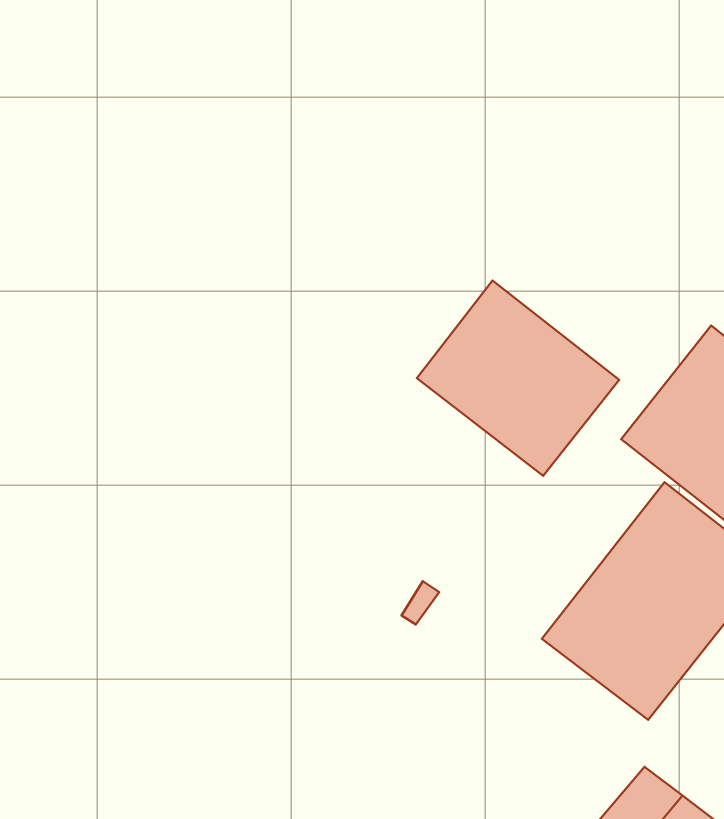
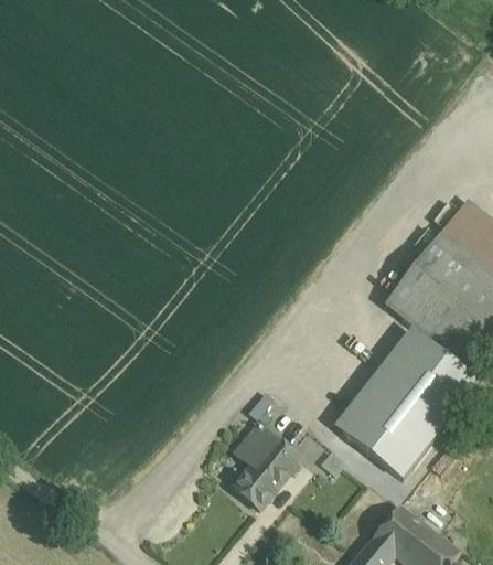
building: [417,281,619,476] -> none
building: none -> [233,422,300,507]

